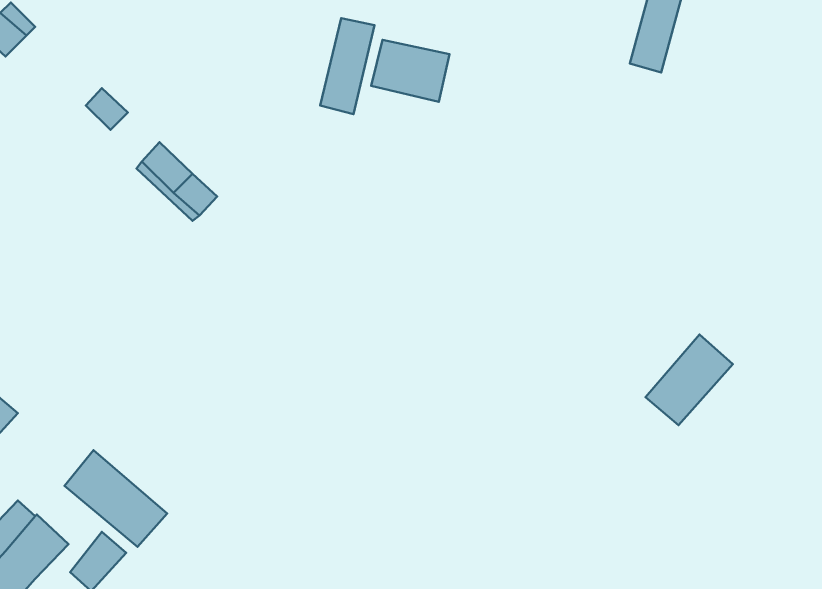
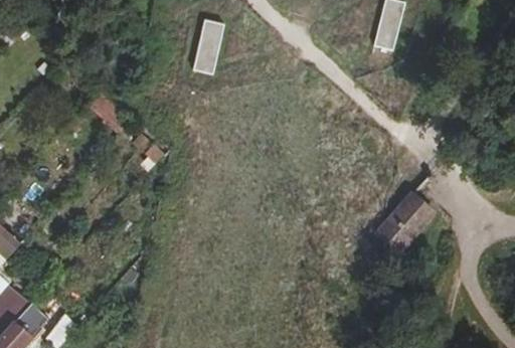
building: [371,40,449,102] -> none
building: [64,450,167,547] -> none

